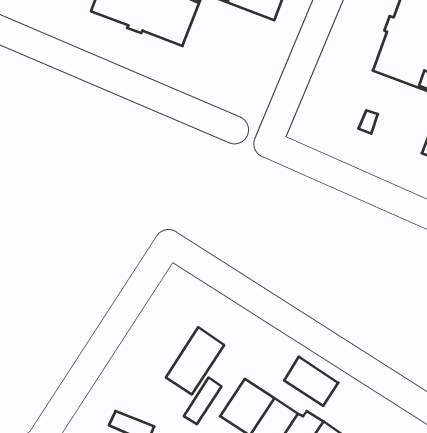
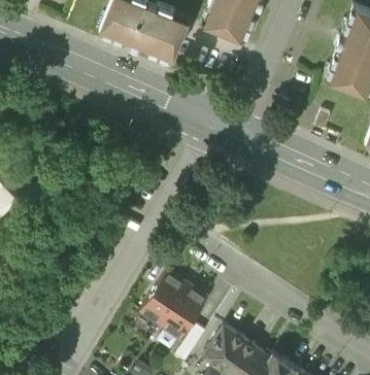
building: none -> [139,272,186,326]
building: [284,357,338,406] -> none

